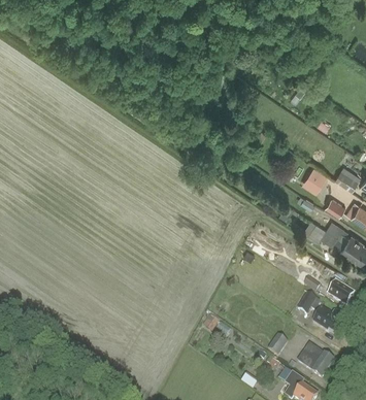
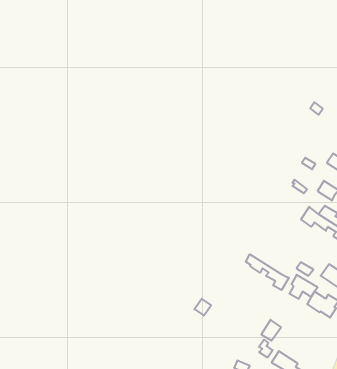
building: none -> [246,254,289,290]
building: [295,341,334,377] -> none

